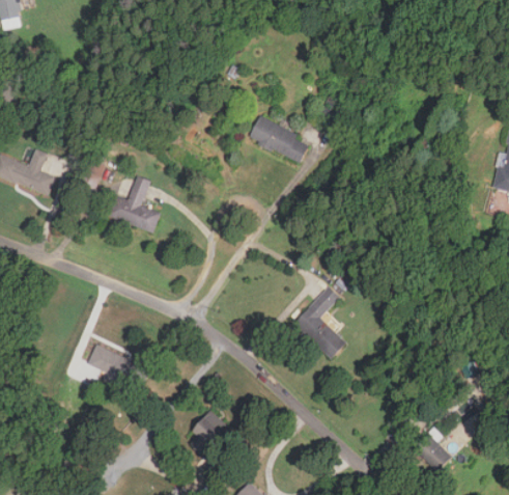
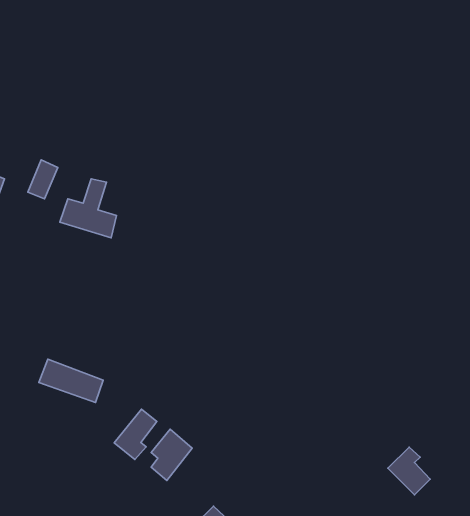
building: [249,116,310,163] -> none
building: [293,286,347,358] -> none
building: none -> [114,409,157,460]

